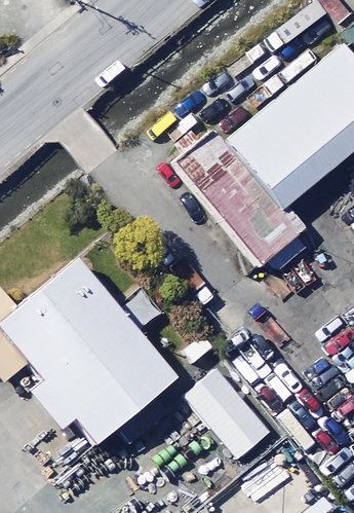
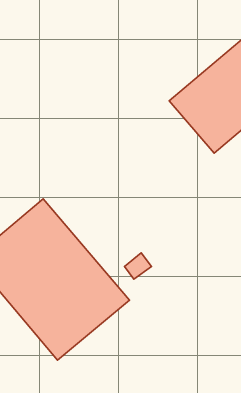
building: [168,121,312,273] -> none
building: [180,360,265,450] -> none

